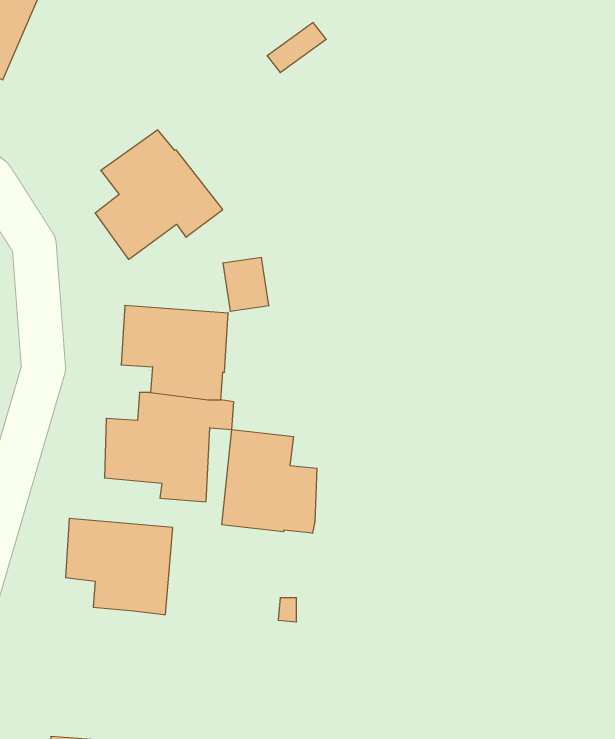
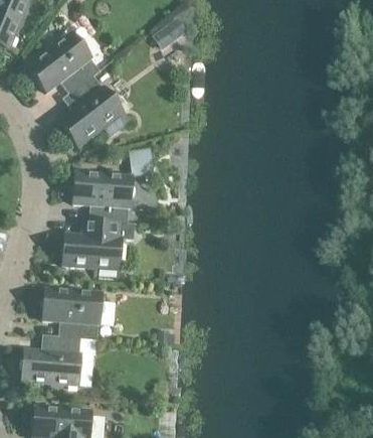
building: none -> [27,31,100,92]
building: [222,430,317,533] -> none
building: none -> [22,332,80,384]

